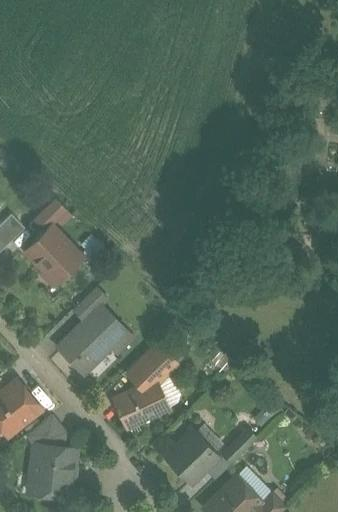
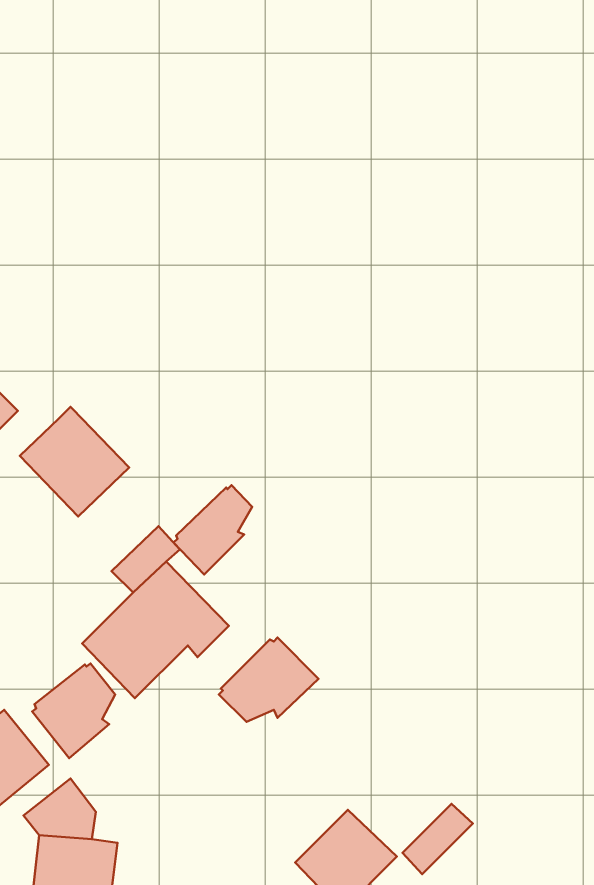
building: [33,199,67,232] -> none
building: none -> [173,485,252,575]
building: none -> [32,663,115,758]
building: [115,381,167,427] -> none

